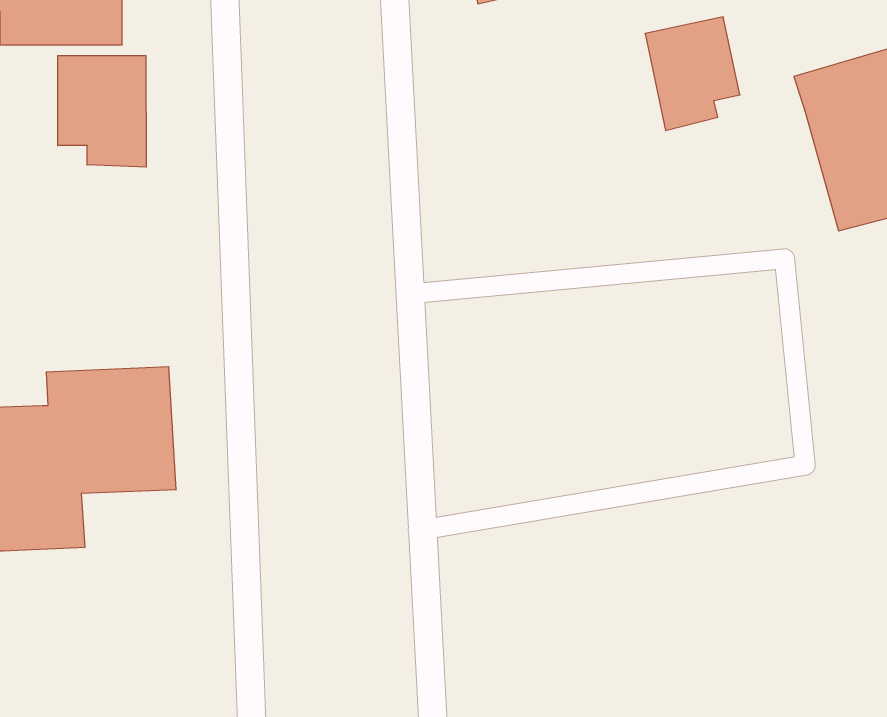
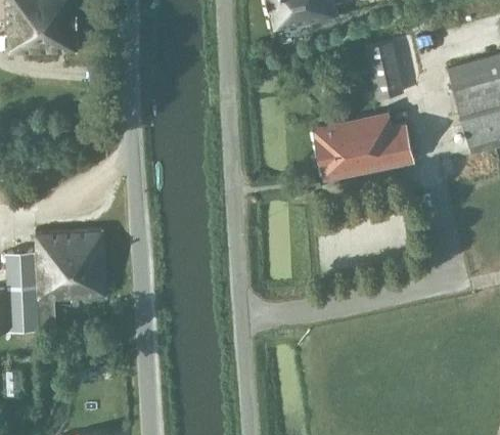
building: [58,56,146,167] -> none
building: none -> [312,111,415,181]

